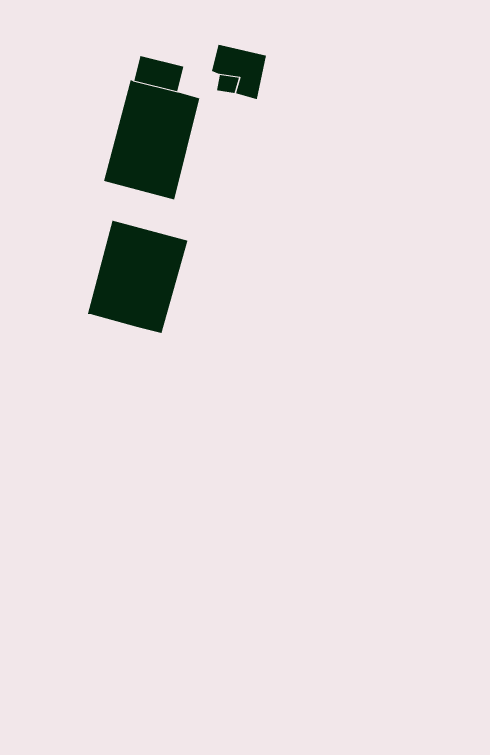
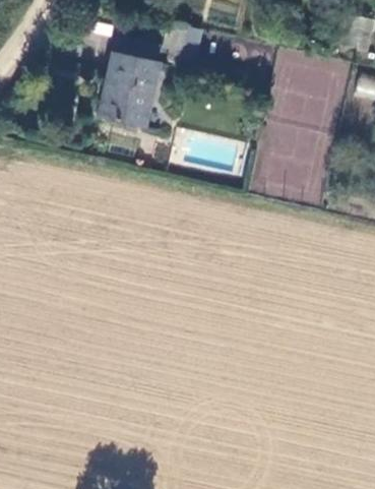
building: [87,220,188,334] -> none

